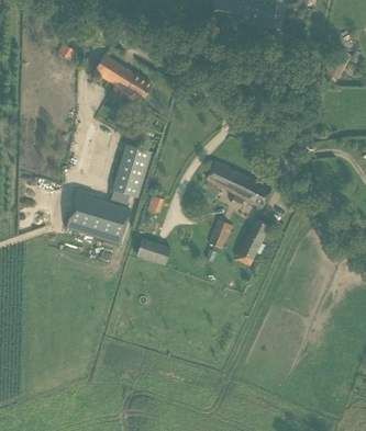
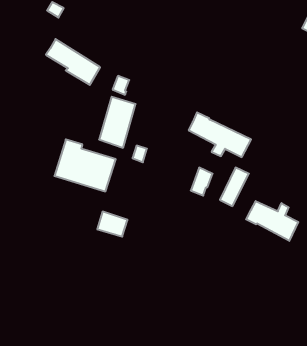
building: [93,54,151,102] -> [46,39,100,85]
building: [137,238,169,264] -> [97,212,128,237]
building: none -> [246,201,298,241]

